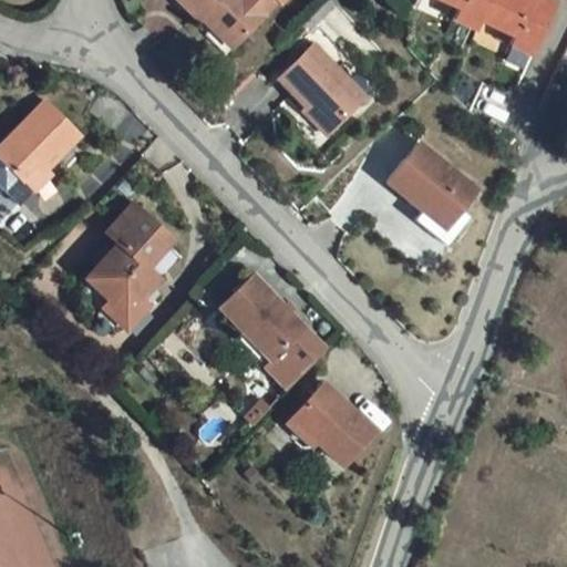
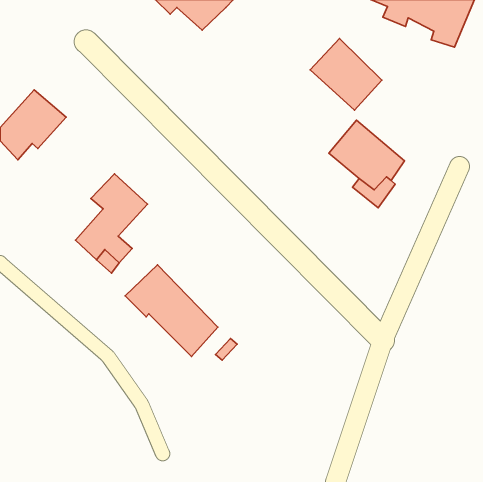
building: [282,49,367,133] -> [310,38,382,110]
building: [217,277,326,384] -> [125,265,218,356]
building: [299,382,378,460] -> none

